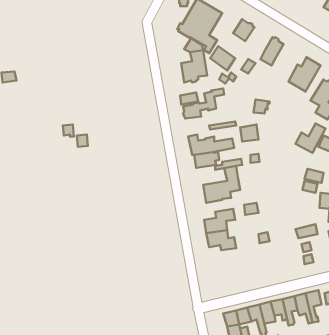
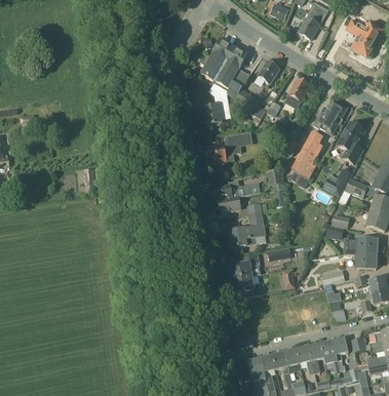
building: none -> [295,128,330,175]

